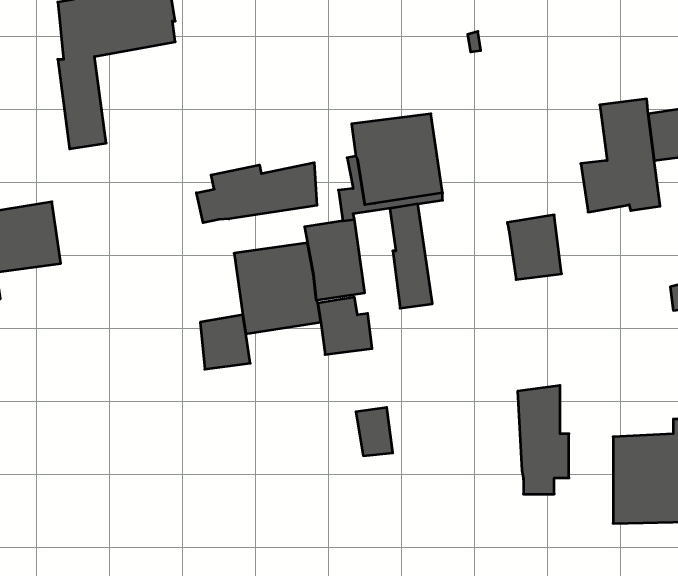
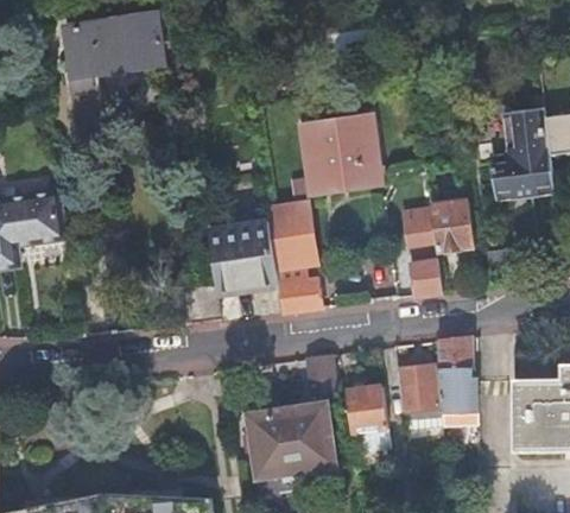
building: [196,163,317,223] -> none
building: [390,204,432,308] -> [408,210,443,294]
building: none -> [398,362,443,429]
building: none -> [349,385,391,443]
building: none -> [253,406,338,481]

